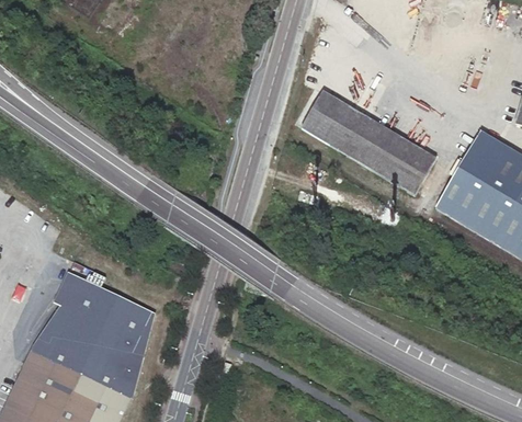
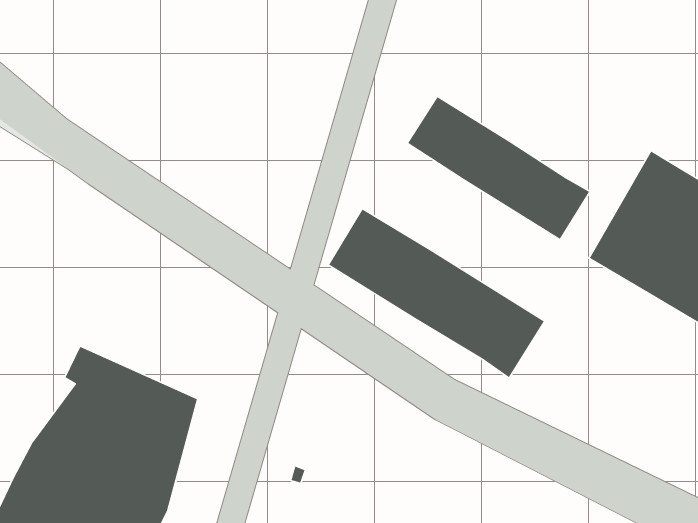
building: none -> [328,209,545,378]

